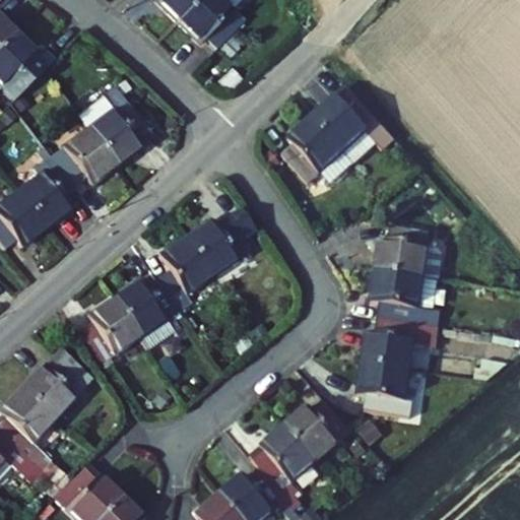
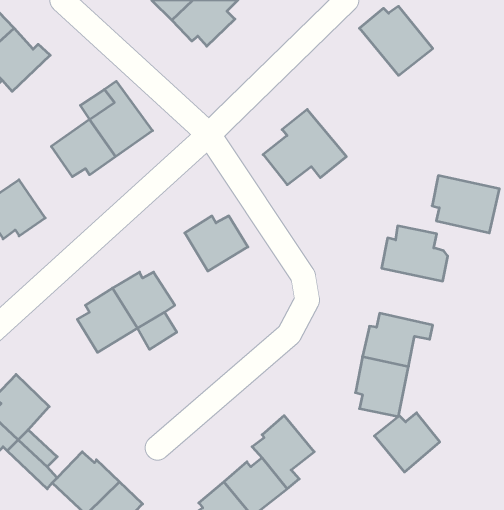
building: [311,91,385,161] -> [359,6,433,75]
building: [19,151,73,223] -> none
building: [155,239,210,312] -> none
building: [380,274,448,332] -> [432,176,499,233]
building: [16,346,89,414] -> none
building: [287,400,353,460] -> [374,413,440,472]

